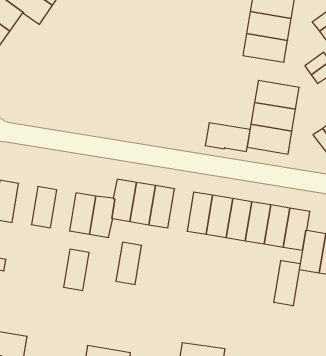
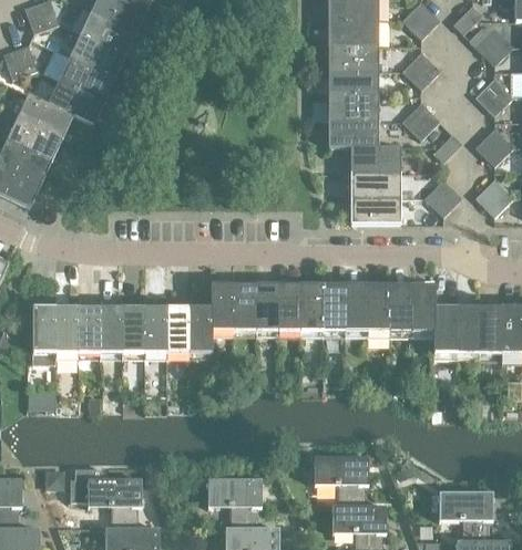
building: [205,123,250,151] -> [329,121,377,147]
building: none -> [100,308,122,353]
building: [116,242,142,284] -> [277,284,299,330]
building: [64,249,89,290] -> [144,308,166,352]
building: [274,260,300,306] -> none

